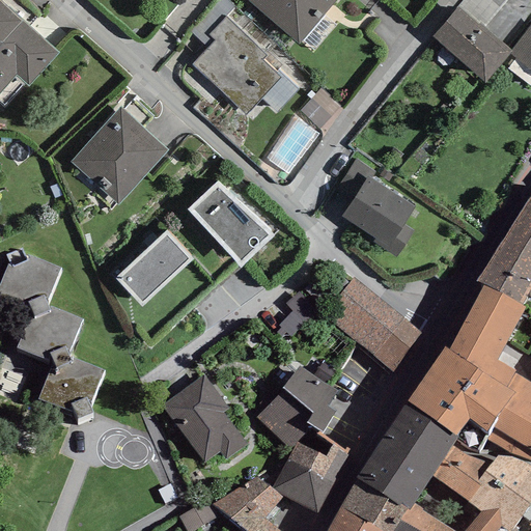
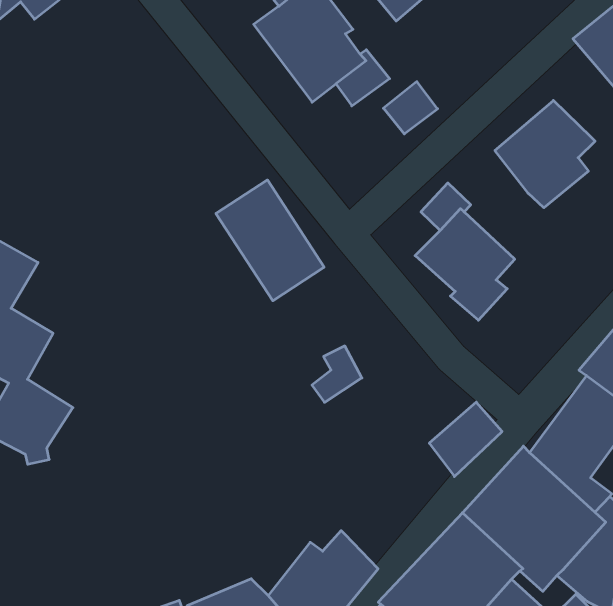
building: none -> [495,100,595,208]
building: [69,106,168,204] -> none
building: [114,228,194,306] -> none
building: [324,277,403,354] -> none
building: [255,365,336,449] -> none
building: [161,373,247,463] -> none

